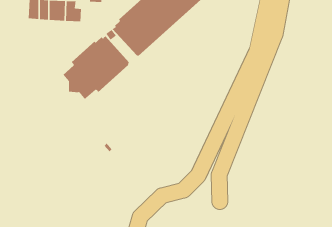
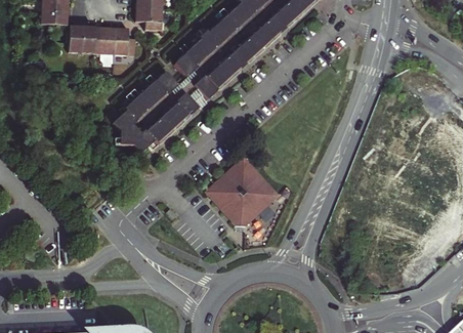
building: none -> [204,156,279,226]

